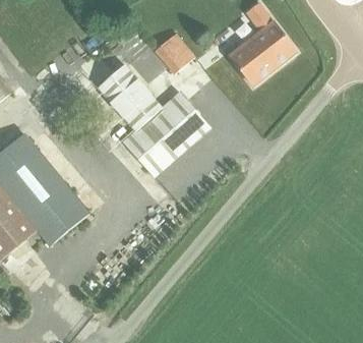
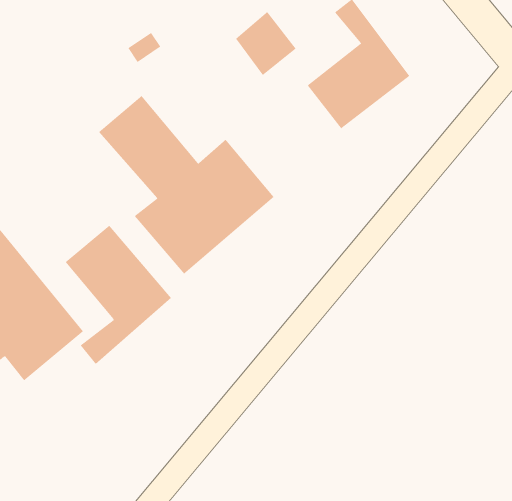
building: [155,31,193,71] -> [235,11,297,76]
building: none -> [65,225,172,365]

